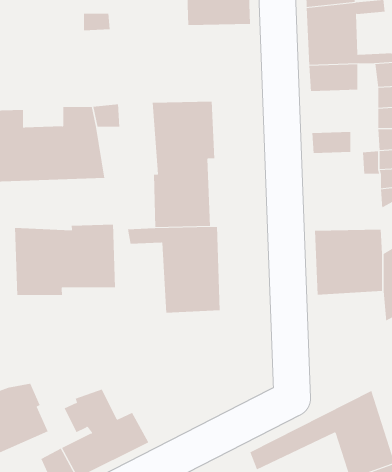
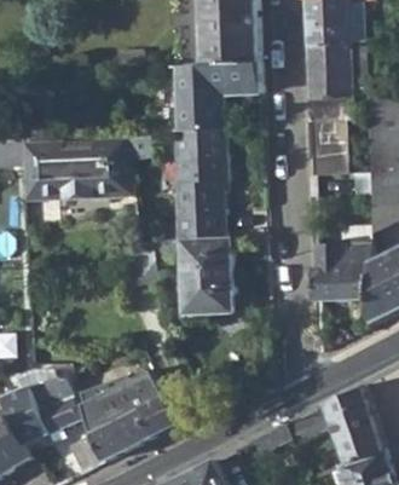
building: none -> [170,60,260,129]
building: none -> [311,119,347,156]
building: [15,224,116,296] -> none

